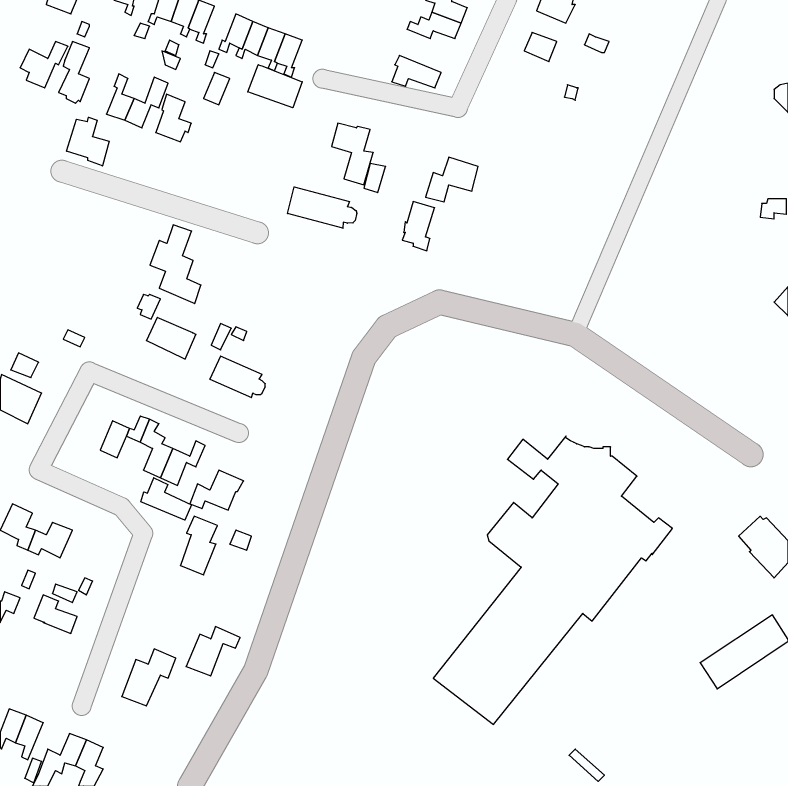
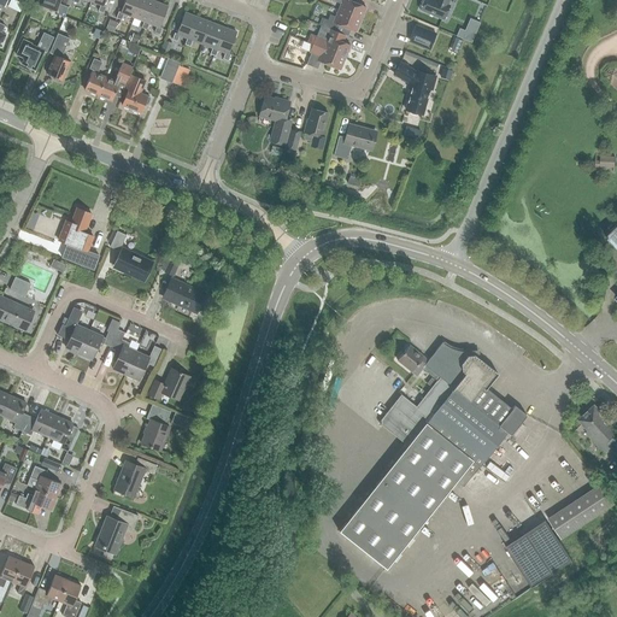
building: none -> [312,24,349,57]
building: [248,65,302,108] -> none
building: none -> [393,61,435,113]
building: [67,117,109,166] -> none
building: [288,187,357,228] -> none
building: [402,202,435,251] -> [302,107,328,146]
building: [150,225,201,304] -> [58,207,98,269]
building: none -> [57,306,88,352]
building: [141,478,191,520] -> none
building: none -> [47,415,74,449]
building: none -> [14,487,55,512]
building: [186,627,240,676] -> [114,456,157,494]
building: none -> [505,519,572,586]

